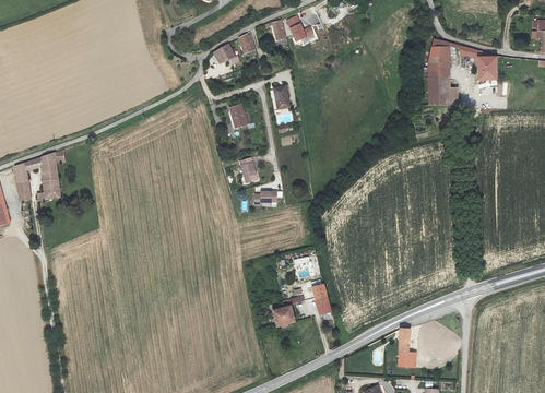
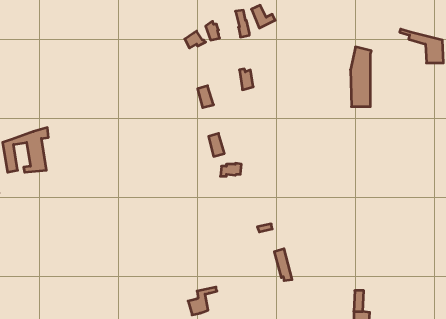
building: [428,38,451,104] -> [350,47,371,107]
building: [273,296,305,326] -> [188,287,217,315]

